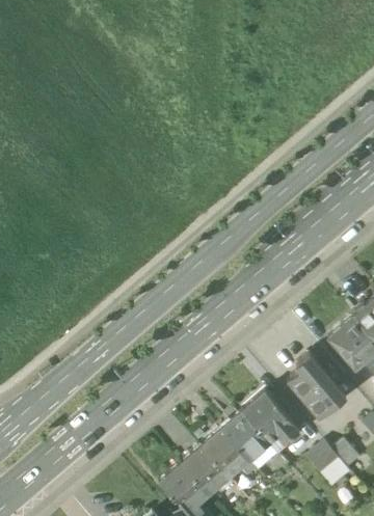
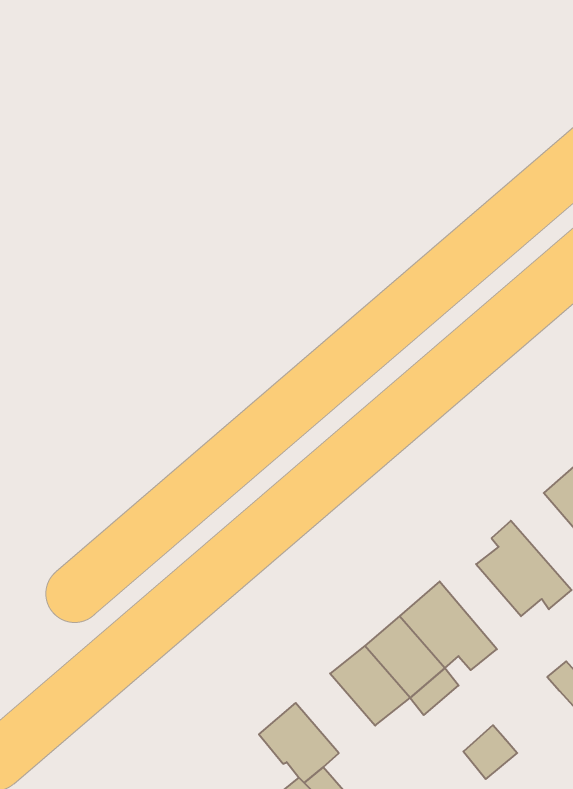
building: [305,439,338,471] -> [463,725,517,779]
building: [180,445,228,494] -> none

